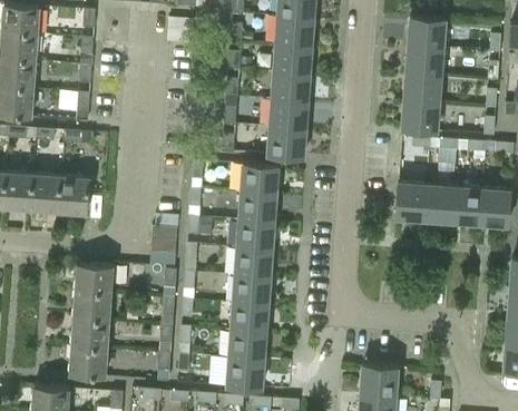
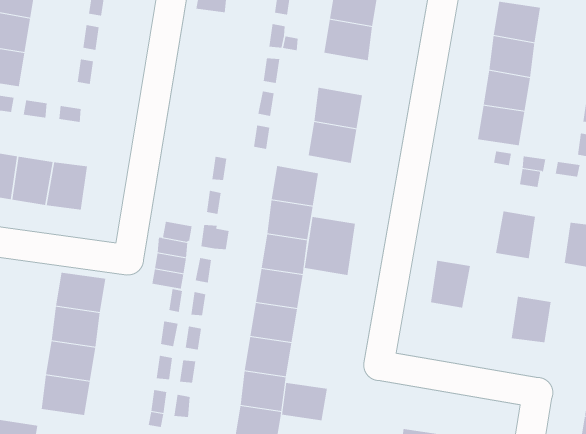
building: [271,70,310,101] -> none
building: [398,183,428,219] -> [430,260,471,308]
building: [452,187,482,223] -> [511,296,551,343]
building: none -> [304,216,356,276]
building: none -> [282,382,328,421]

